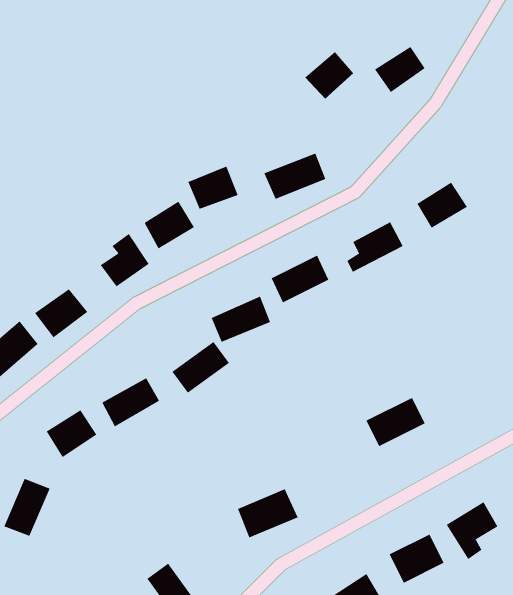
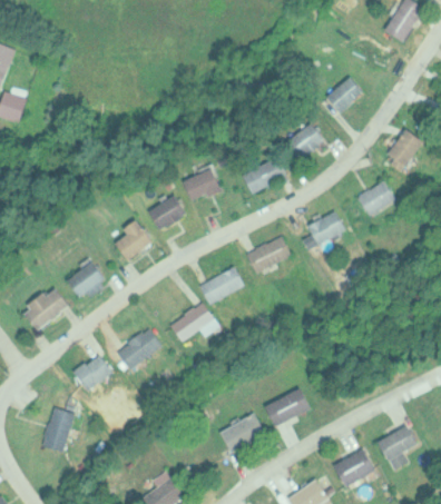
building: [305,51,354,99] -> [287,121,325,158]
building: none -> [383,129,424,171]
building: [366,397,425,447] -> [265,387,311,425]

